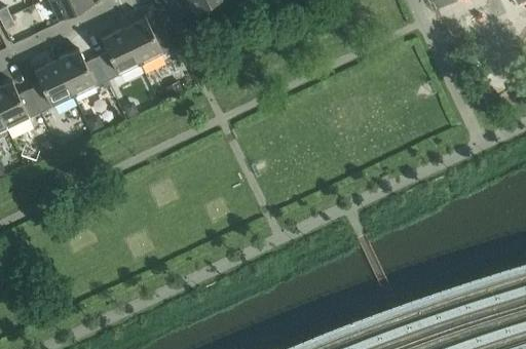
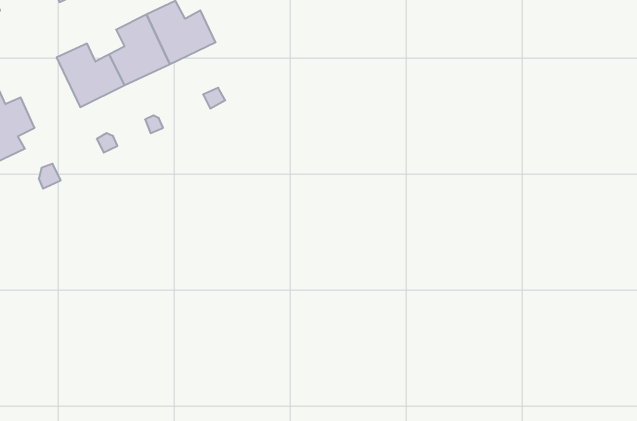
building: [29,60,73,112] -> none

